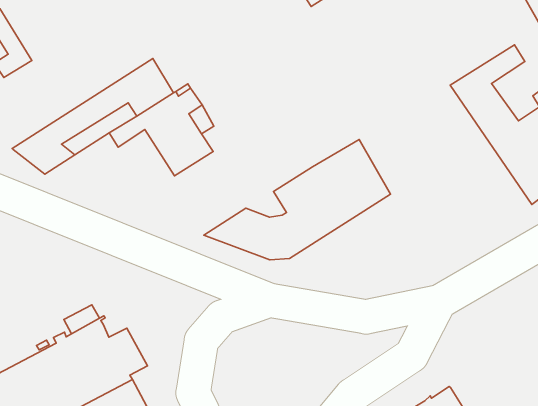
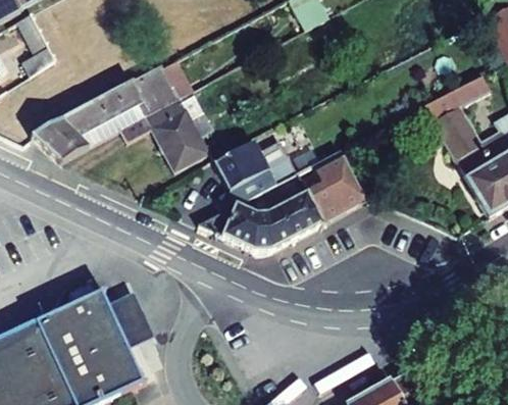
building: none -> [212,138,296,203]

